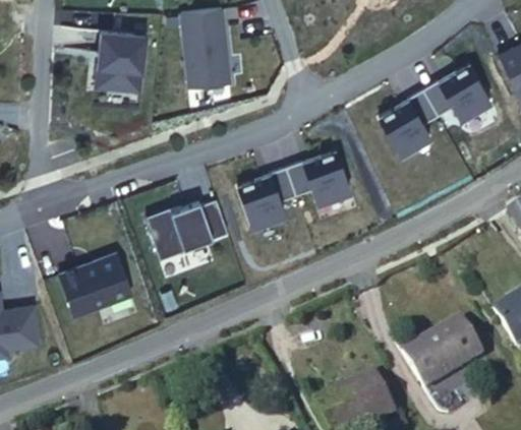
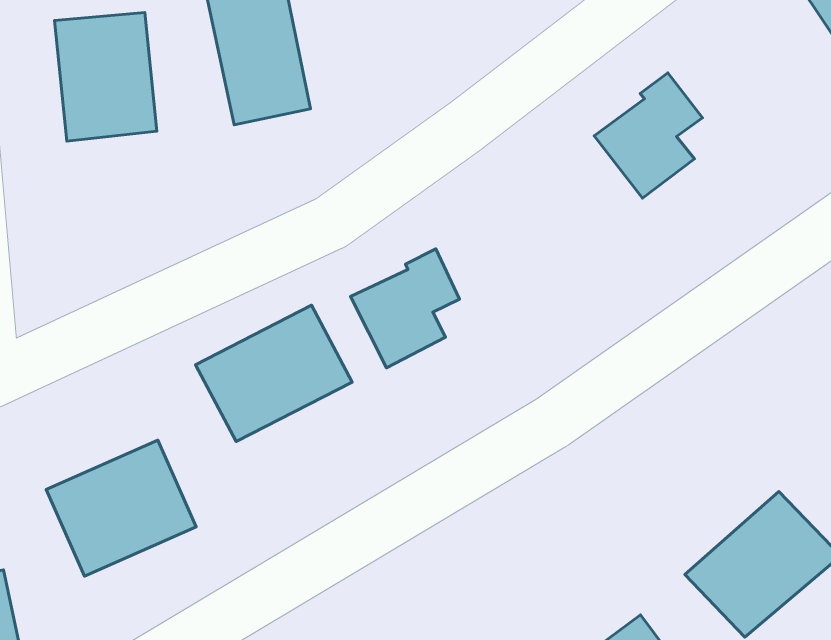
building: [423,67,490,122] -> none
building: [287,153,350,204] -> none

